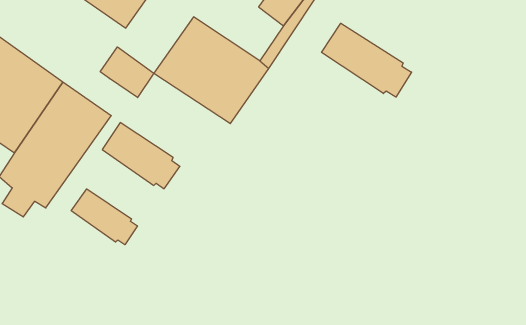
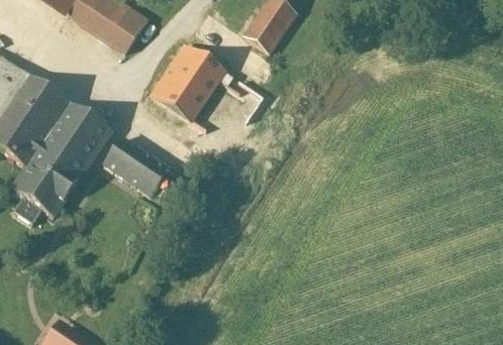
building: [322,23,412,97] -> none
building: [100,47,154,98] -> none
building: [71,189,137,245] -> none

